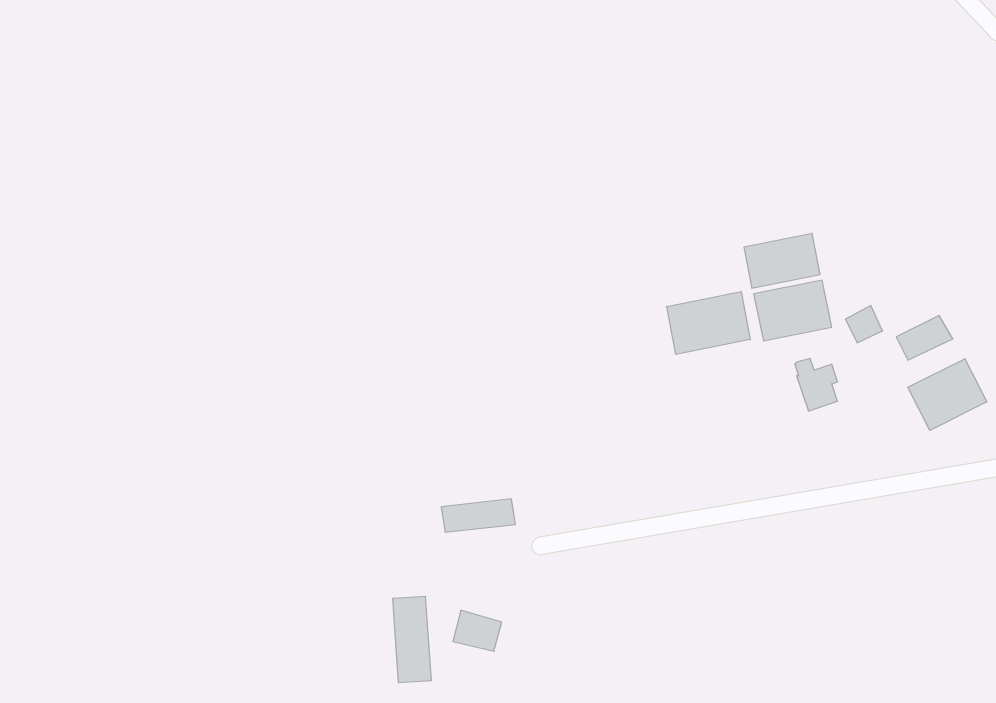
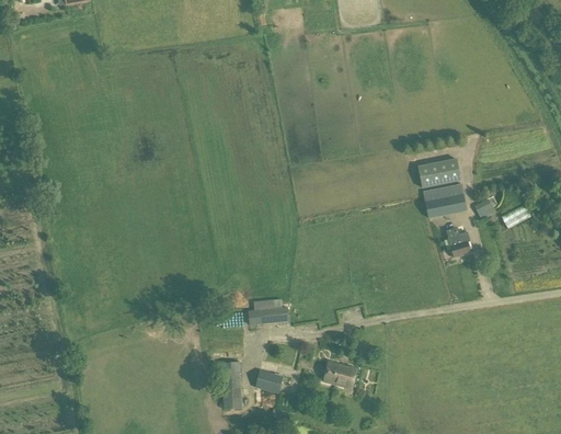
building: [667,291,750,354] -> none
building: [908,359,987,430] -> none
building: none -> [322,359,357,388]

